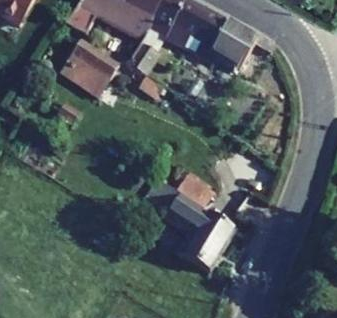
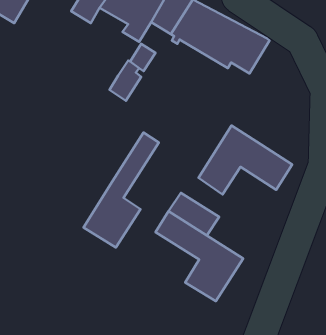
building: [74,45,122,85] -> none
building: none -> [198,126,292,194]
building: none -> [83,133,159,248]

